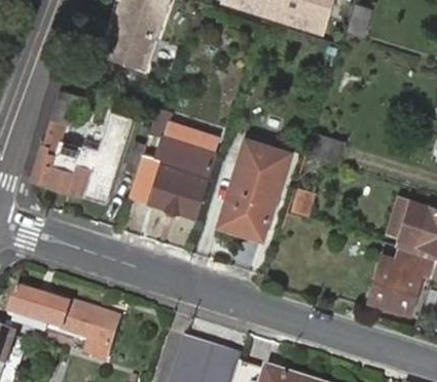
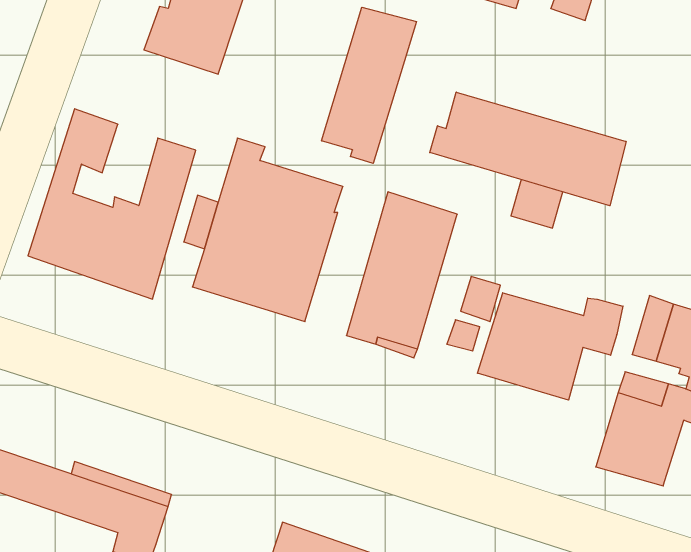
building: none -> [322,7,417,163]
building: none -> [430,92,626,206]
building: none -> [477,293,623,400]

